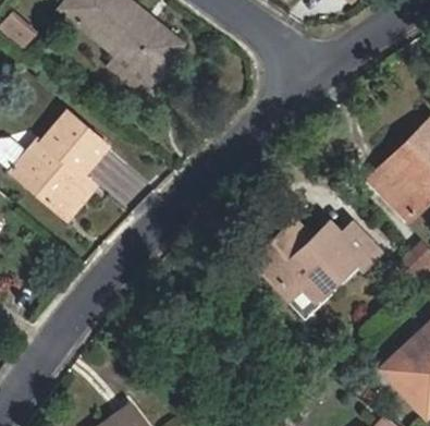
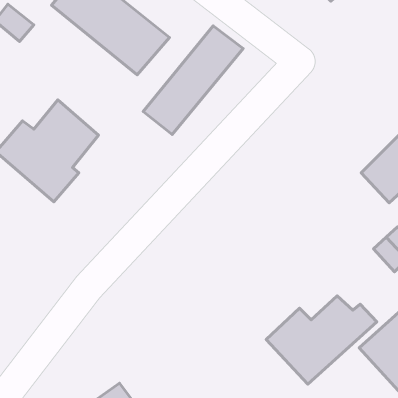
building: none -> [143,26,243,135]
building: [255,221,370,314] -> [266,296,377,384]

